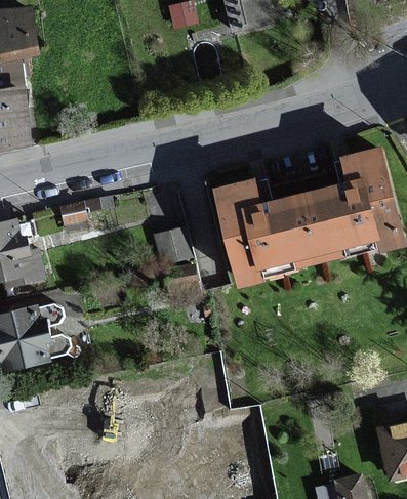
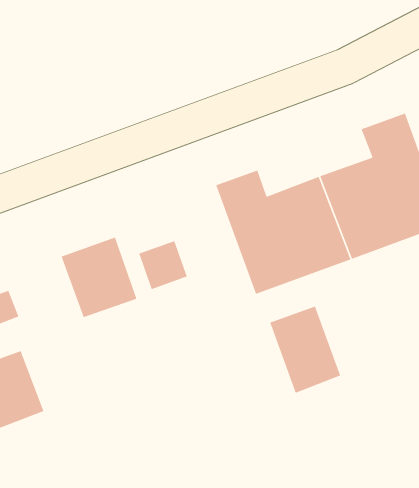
building: none -> [60,236,138,318]
building: none -> [269,305,341,394]

